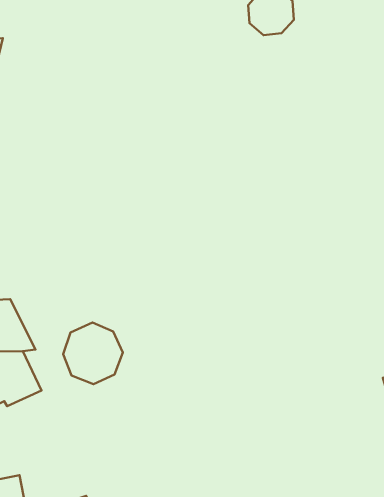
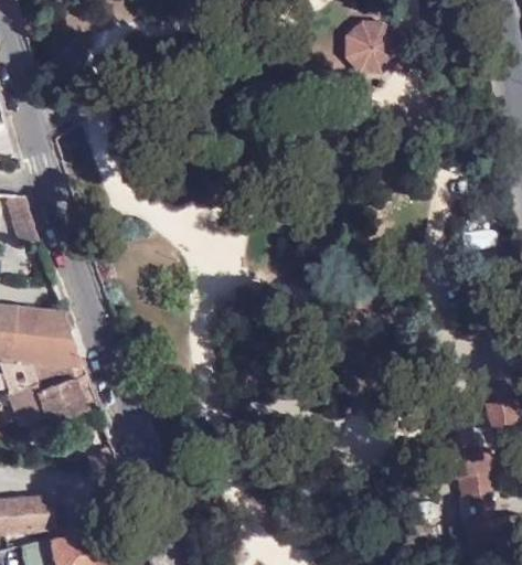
building: [63,323,123,384] -> none

